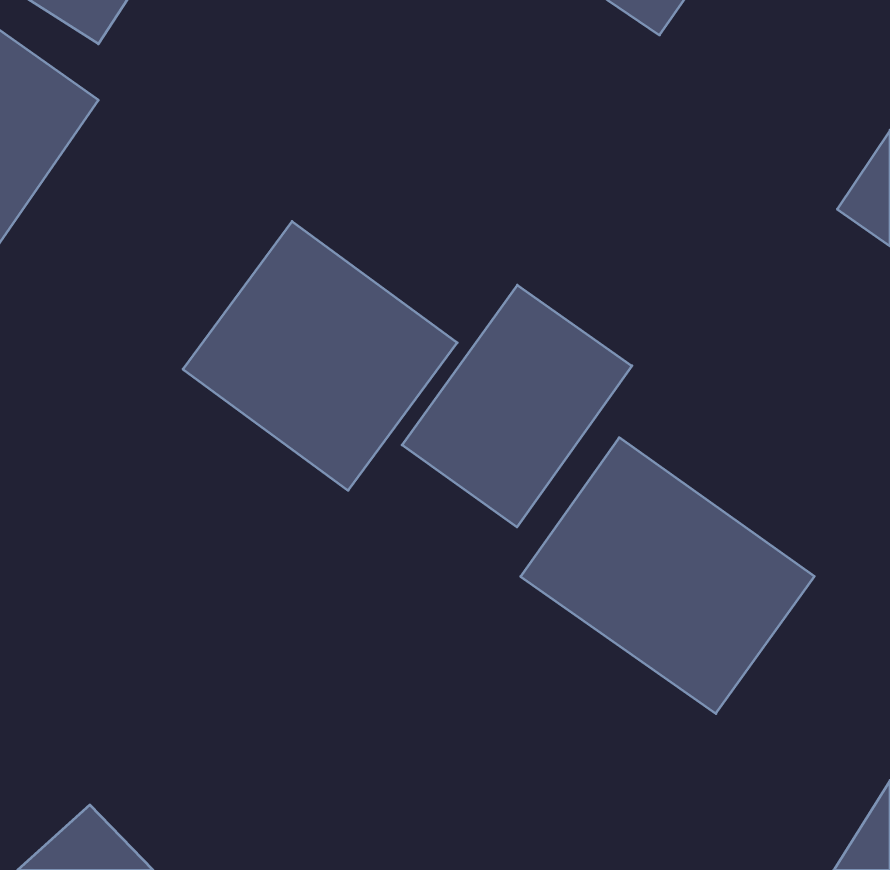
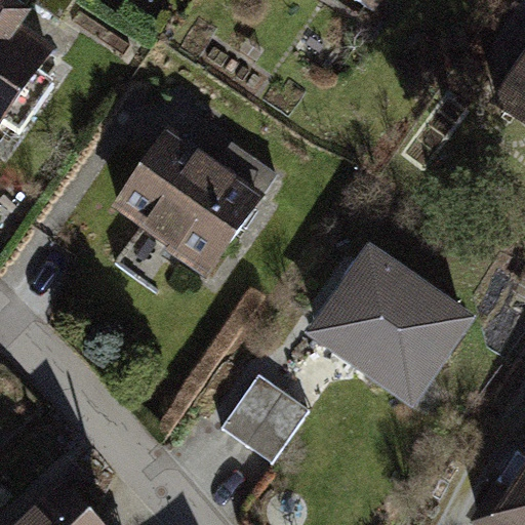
building: [402,285,632,527] -> none
building: none -> [224,385,311,472]

